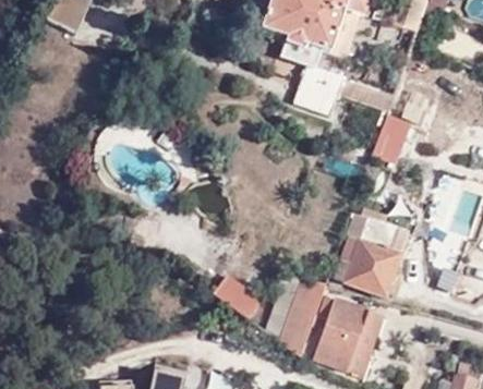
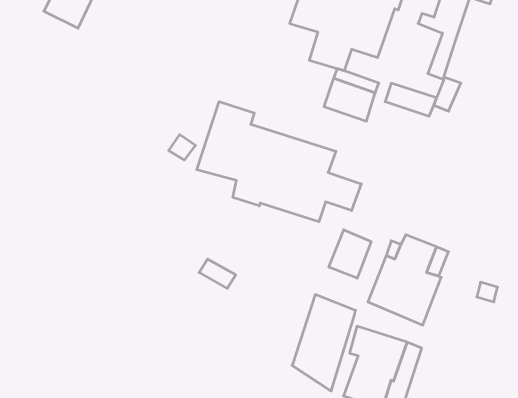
building: none -> [197,102,361,222]
building: [372,113,410,162] -> none
building: none -> [329,230,371,278]
building: [216,276,267,324] -> none

